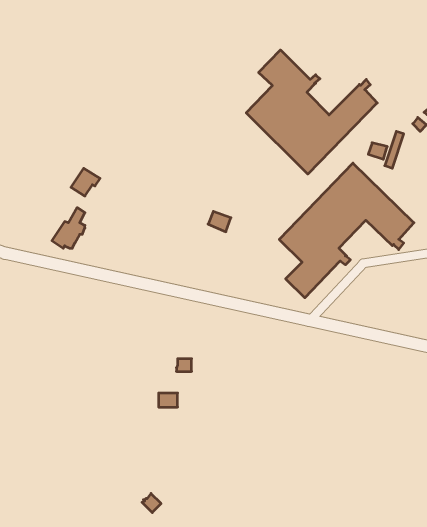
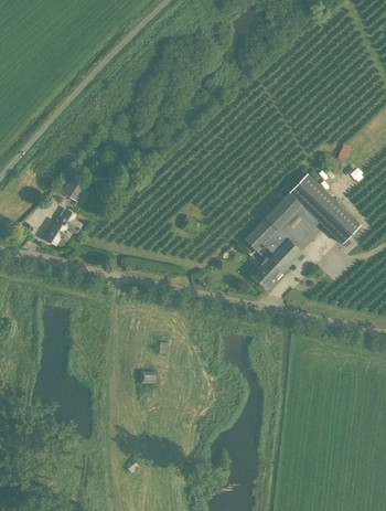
building: [246,50,377,174] -> none

